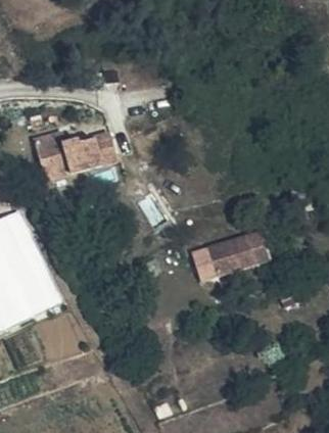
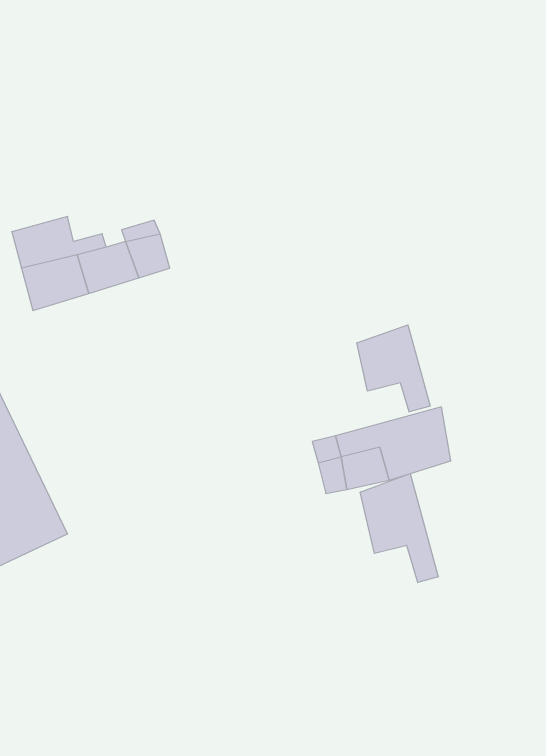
building: none -> [357,325,430,412]
building: none -> [360,474,438,583]

